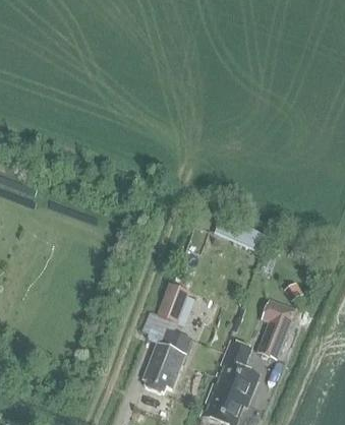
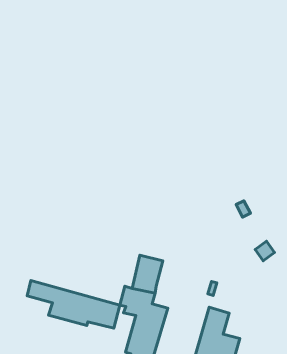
building: none -> [27,280,120,328]
building: [256,298,296,359] -> none

